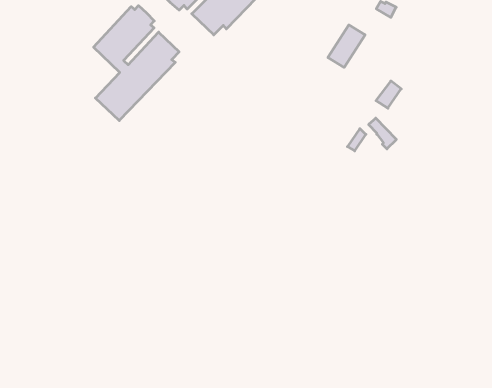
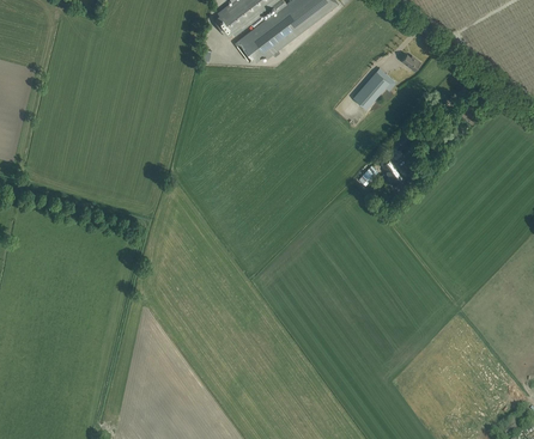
building: [94,6,179,121] -> none

